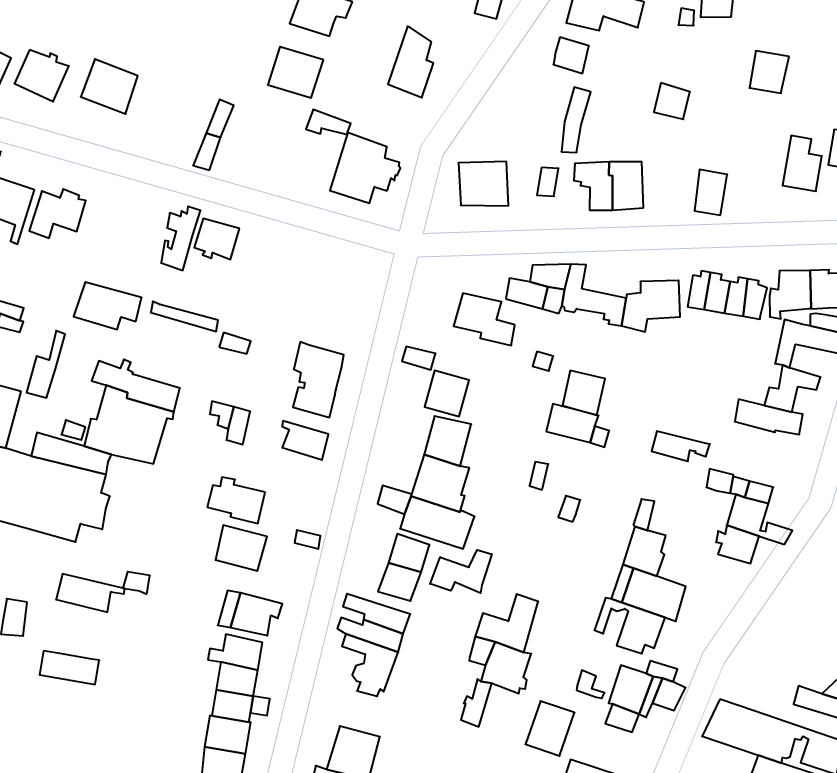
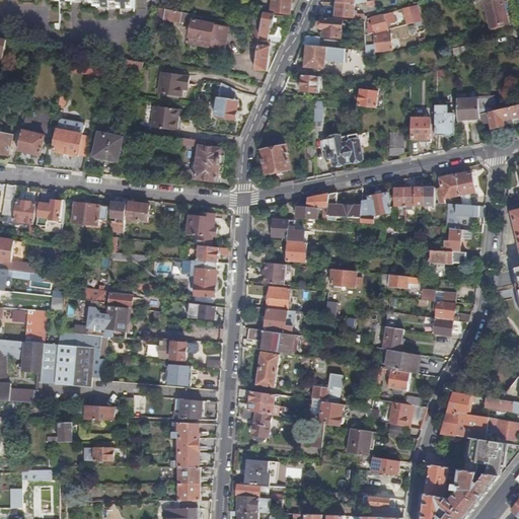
building: [749,51,789,93] -> [411,118,429,138]
building: none -> [92,132,121,159]
building: none -> [184,212,216,237]
building: [74,282,142,330] -> [71,203,105,225]
building: none -> [196,245,227,263]
building: [562,371,605,415] -> [285,241,305,263]
building: [430,550,492,593] -> none
building: none -> [446,392,469,415]

